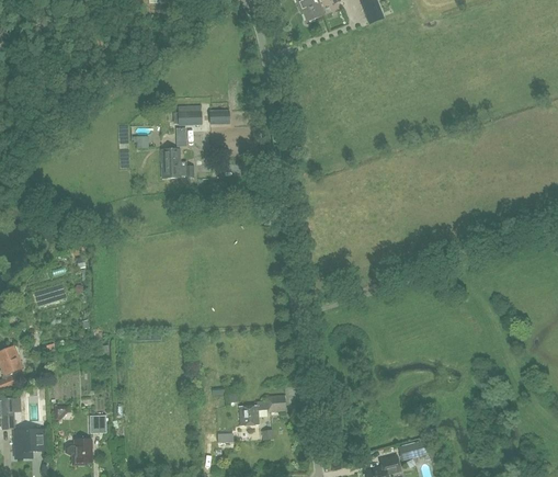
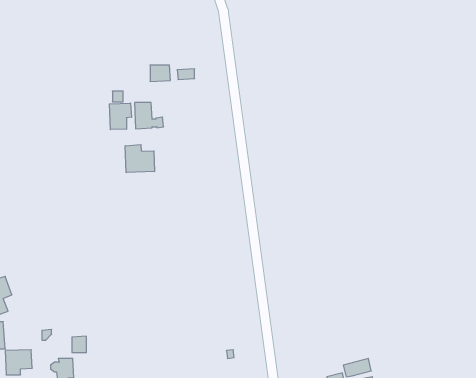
building: none -> [109,103,132,130]
building: none -> [125,145,154,173]
building: [238,394,284,424] -> none

